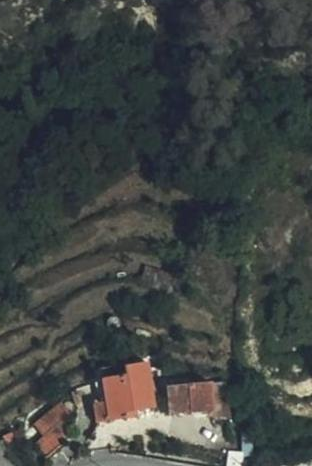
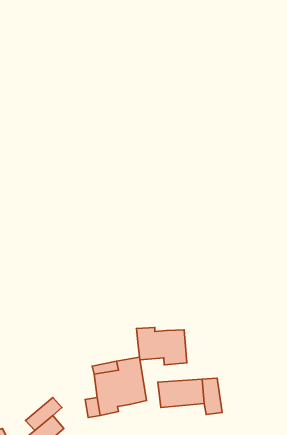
building: none -> [137,328,187,365]

